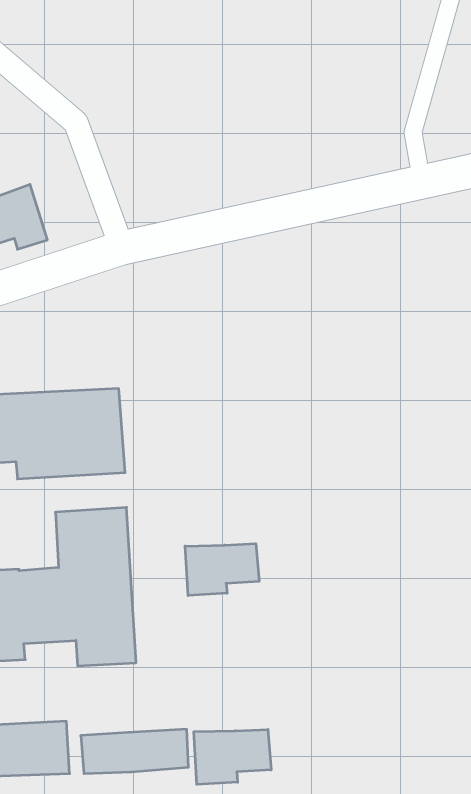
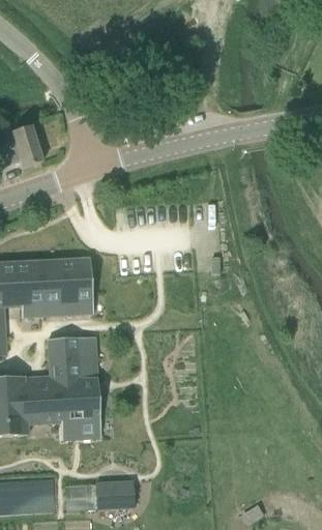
building: [185,544,259,596] -> none
building: [194,729,271,784] -> none

